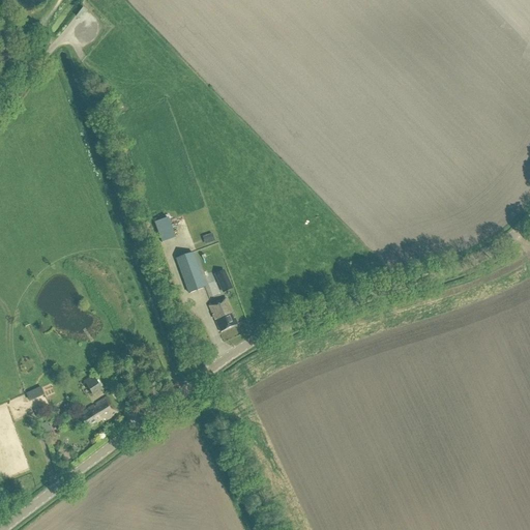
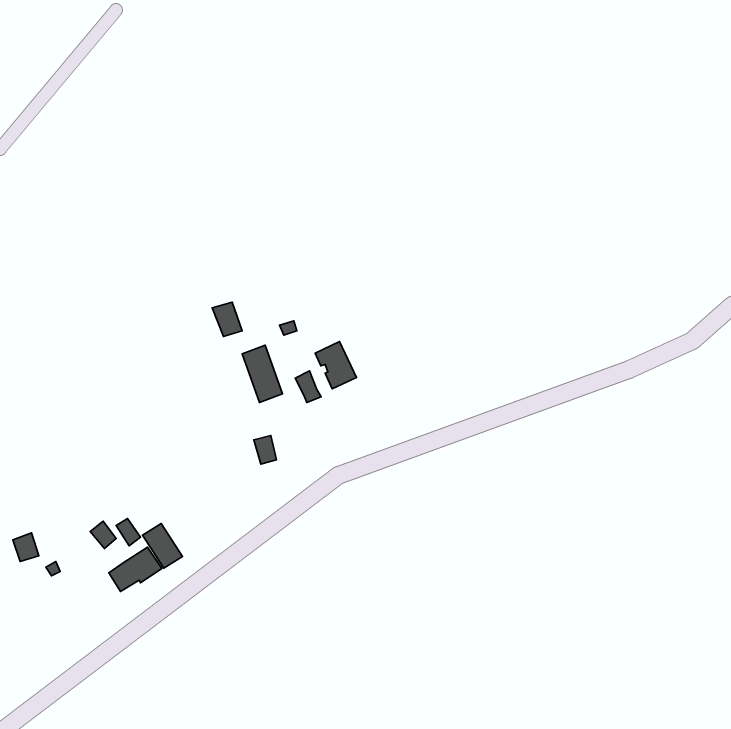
building: [208,296,238,330] -> [315,342,357,389]
building: none -> [142,523,183,568]

